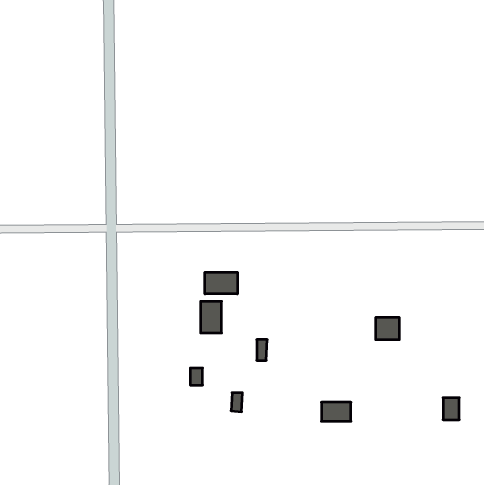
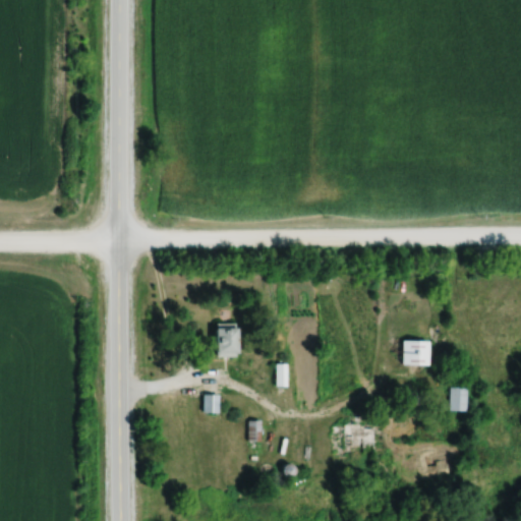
building: [205,272,237,294] -> none
building: [443,398,459,420] -> [451,388,468,411]

